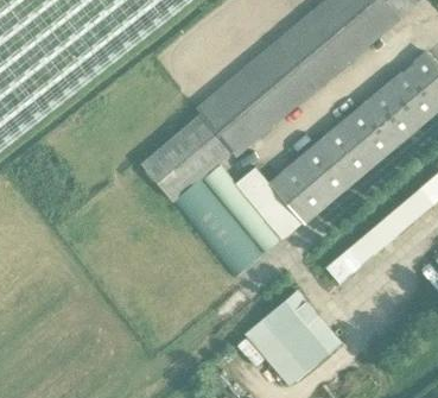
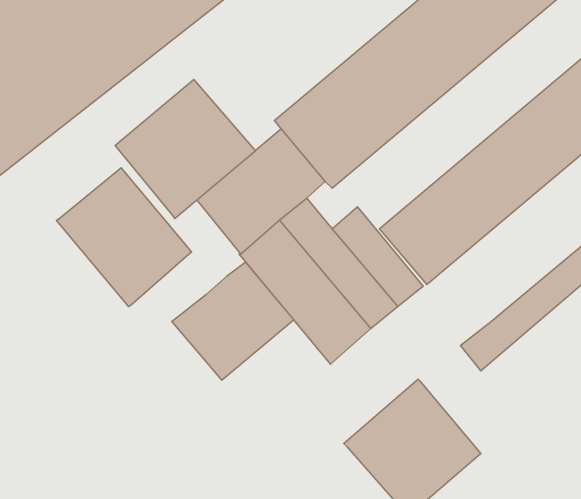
building: none -> [115,79,255,218]
building: none -> [57,168,192,307]
building: none -> [172,262,294,380]

